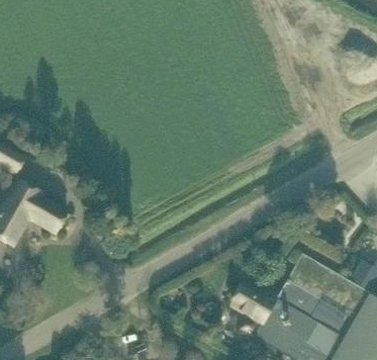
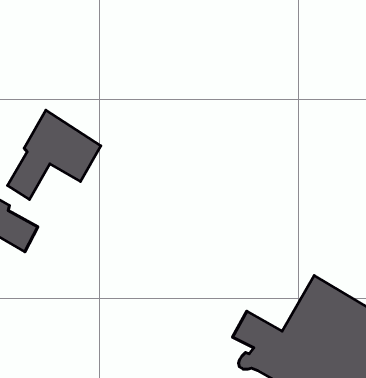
building: none -> [7,110,101,200]

